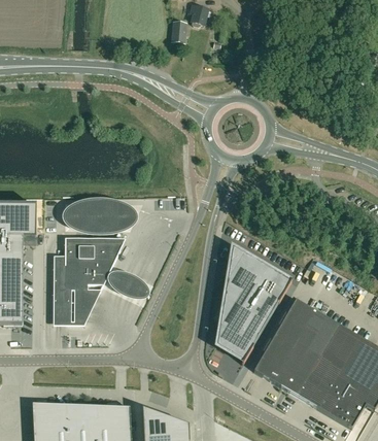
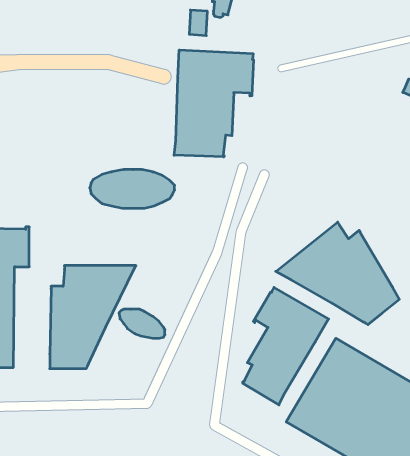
building: none -> [174,50,254,157]
building: none -> [276,222,399,325]
building: [67,200,139,233] -> [90,170,175,208]

